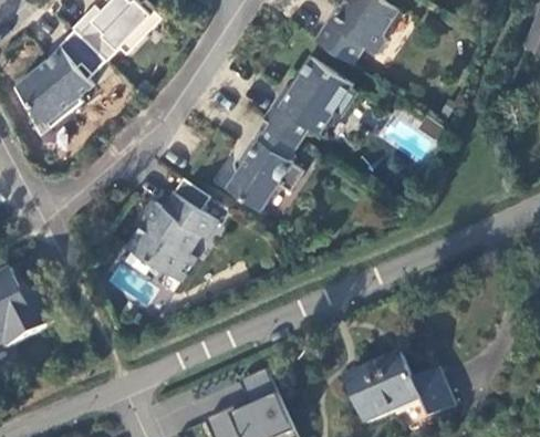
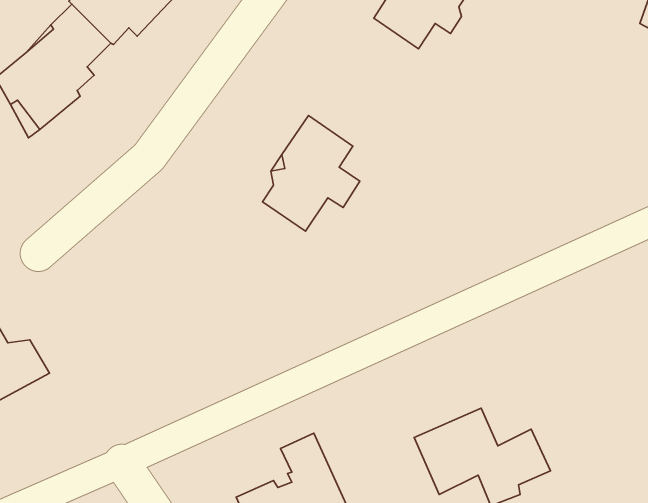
building: [263,54,356,142] -> none
building: [128,178,218,281] -> none

